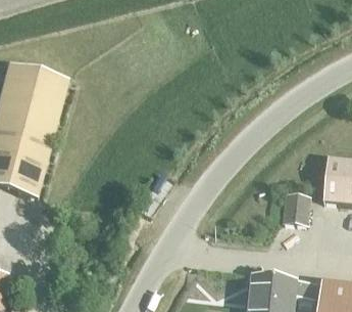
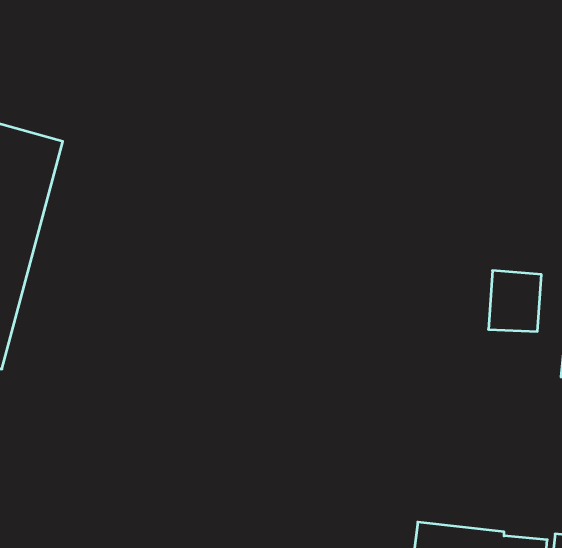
building: [284,189,311,221] -> [488,271,541,331]

